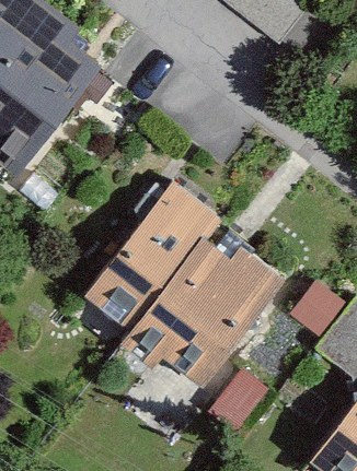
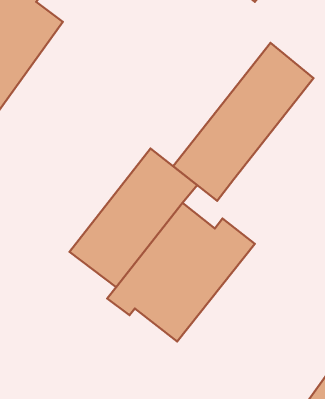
building: none -> [173,43,313,201]

